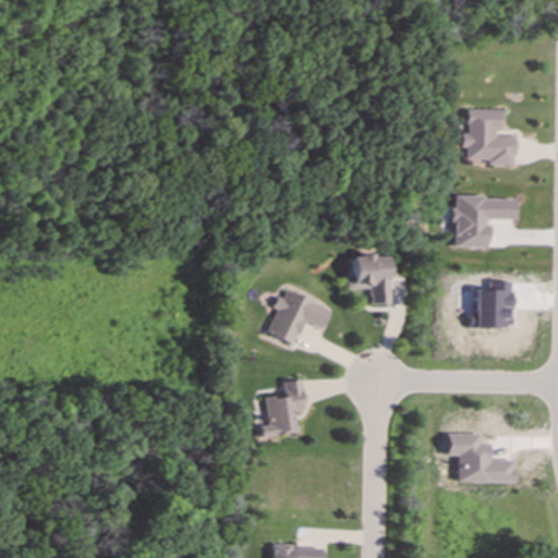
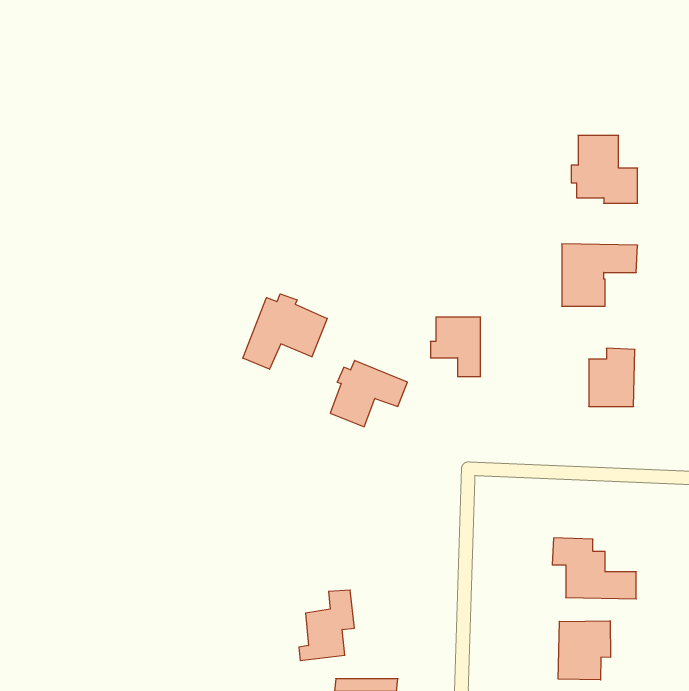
building: none -> [243,294,327,369]
building: [260,379,305,436] -> [299,590,354,661]
building: none -> [558,621,611,680]

